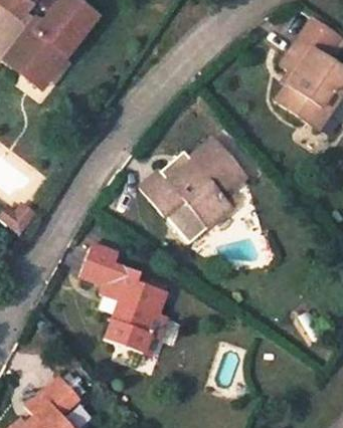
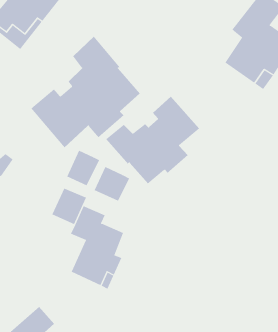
building: none -> [30,36,141,148]
building: none -> [66,150,100,186]
building: none -> [94,166,130,202]

